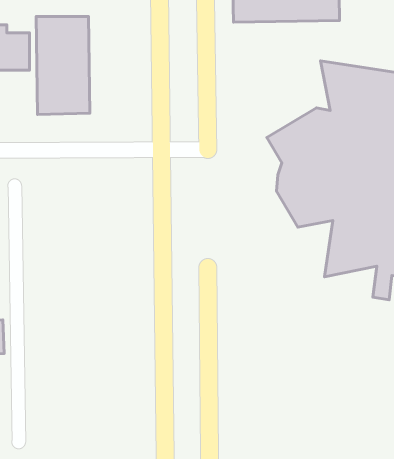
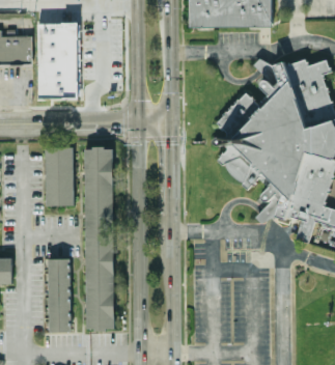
building: none -> [45,146,74,205]
building: none -> [83,147,114,329]
building: none -> [47,258,71,332]

